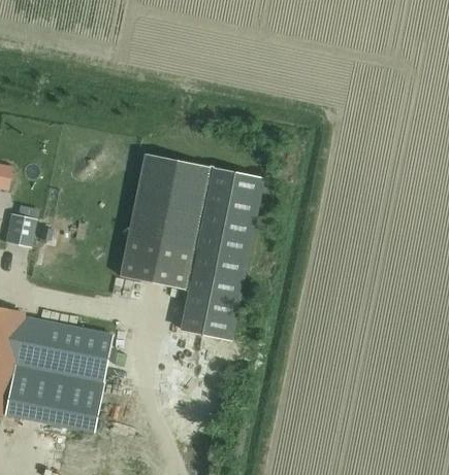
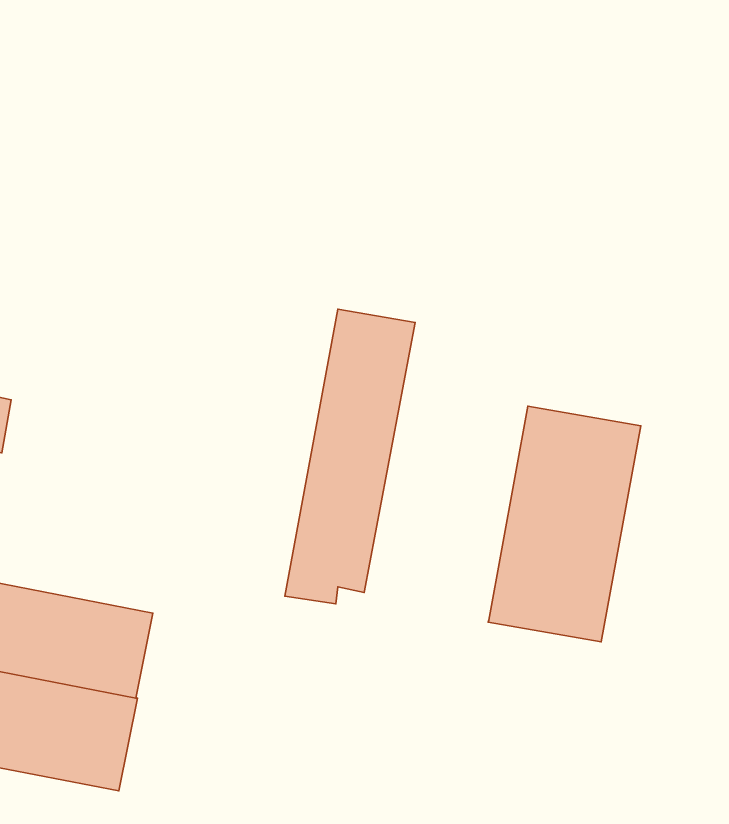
building: [122,154,209,289] -> none
building: none -> [488,406,641,642]

